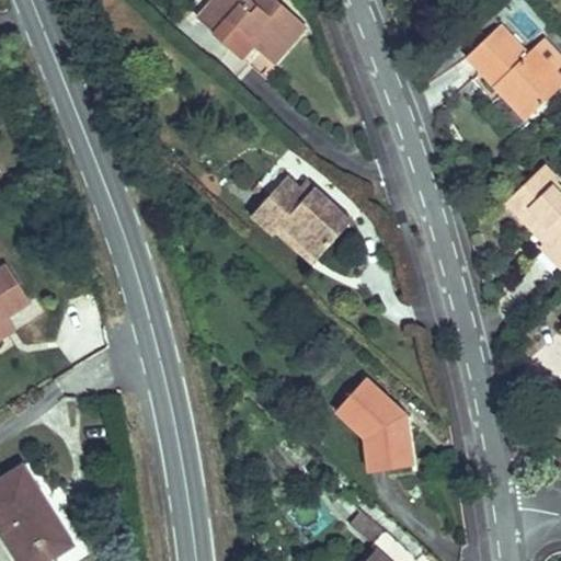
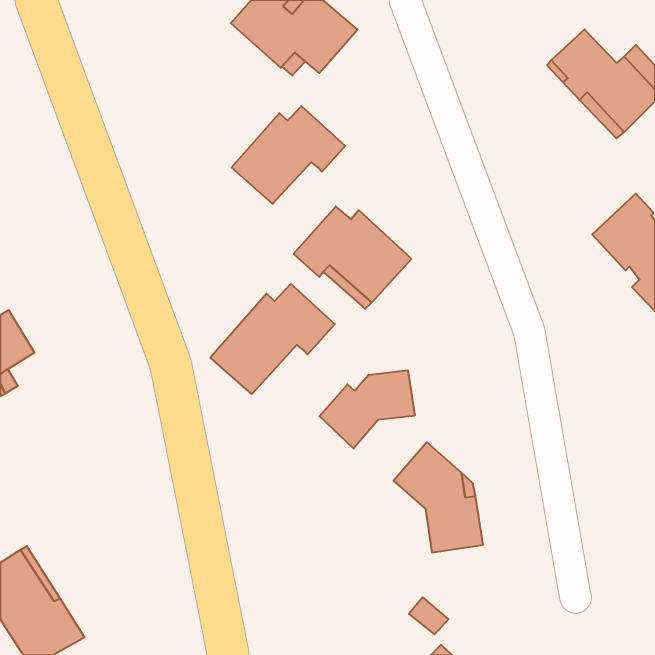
building: none -> [232,106,345,204]
building: none -> [210,284,335,394]
building: none -> [319,370,415,449]

